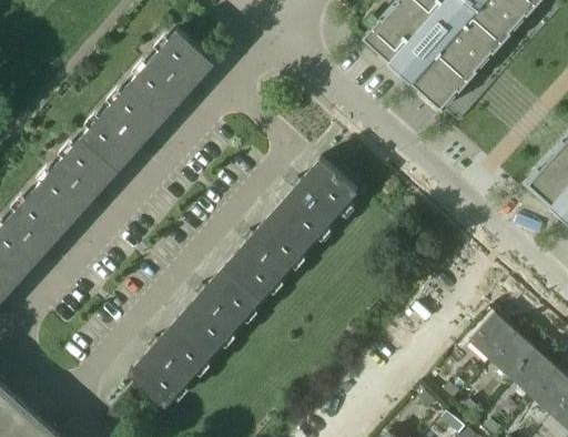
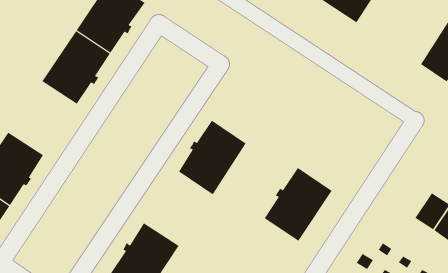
building: [33,136,119,223] -> none
building: [272,157,356,244] -> [264,167,332,242]
building: [175,265,261,352] -> none
building: [470,314,515,359] -> none

